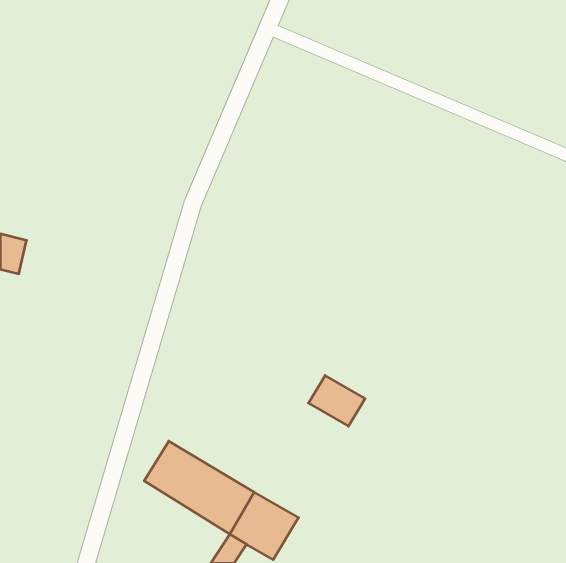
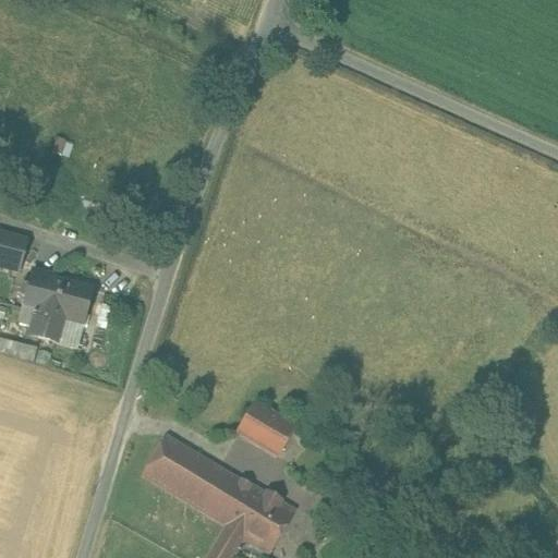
building: none -> [21,268,92,340]
building: [308,375,365,426] -> [239,402,294,452]

